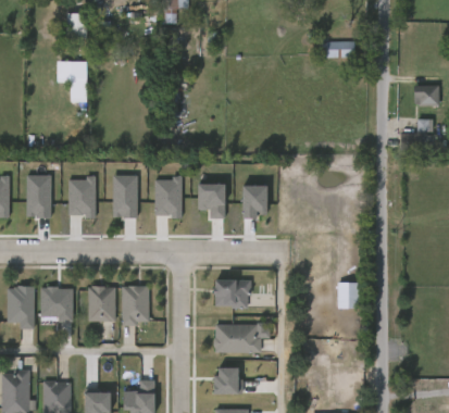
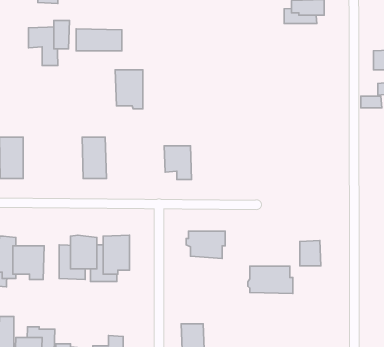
building: none -> [76,29,122,51]
building: [66,179,95,218] -> none
building: [152,179,180,220] -> [115,70,143,109]
building: [240,186,265,220] -> none
building: [222,317,269,346] -> [248,266,293,293]

